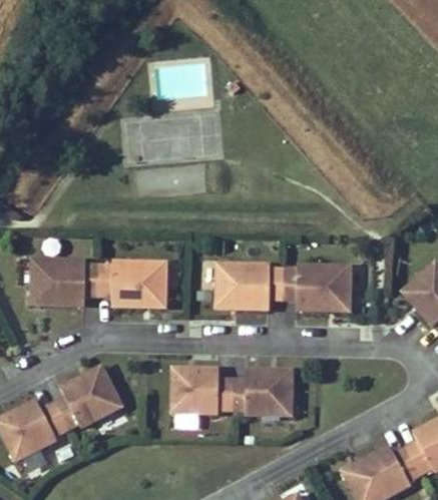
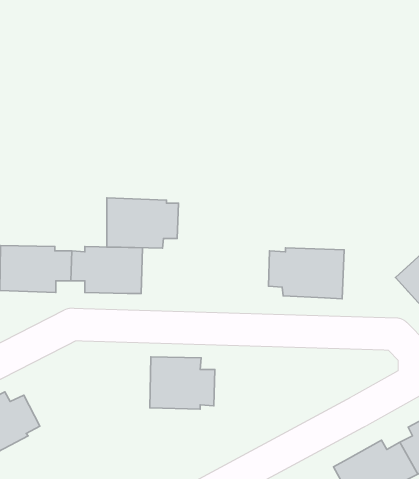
building: [215,262,283,309] -> [107,198,178,248]
building: [52,365,123,431] -> none
building: [231,368,293,417] -> none

